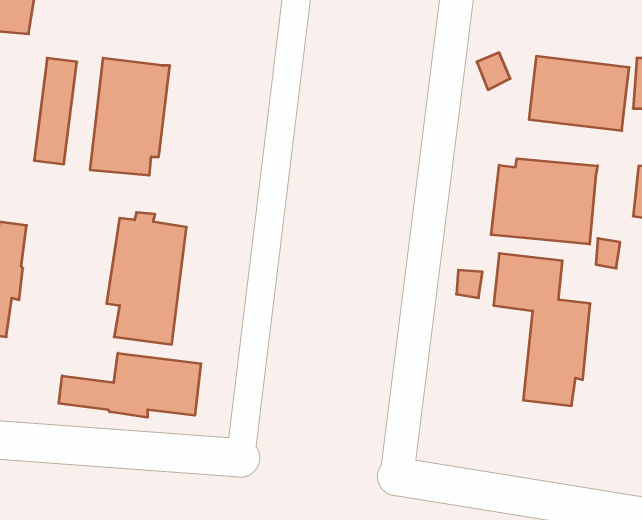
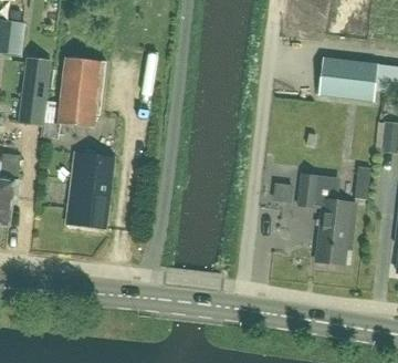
building: [491,159,598,244] -> none
building: [59,353,201,417] -> none

